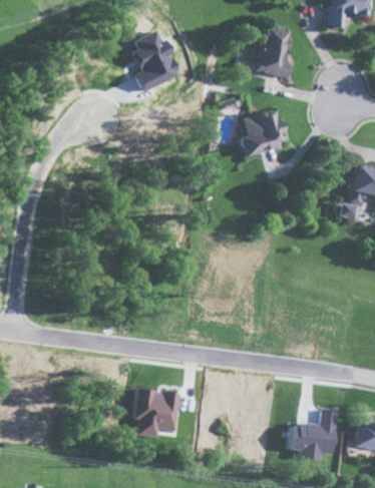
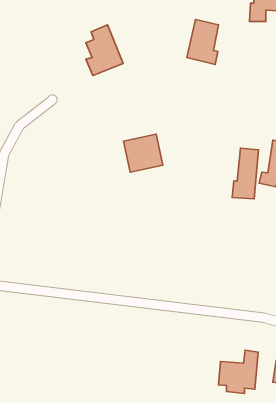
building: [239,110,285,154] -> [123,134,163,172]
building: none -> [232,148,258,199]
building: [134,389,179,436] -> none

